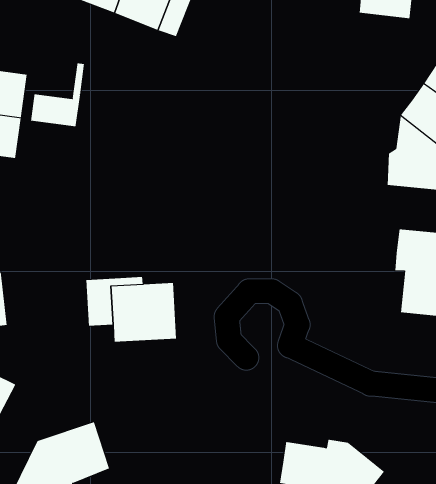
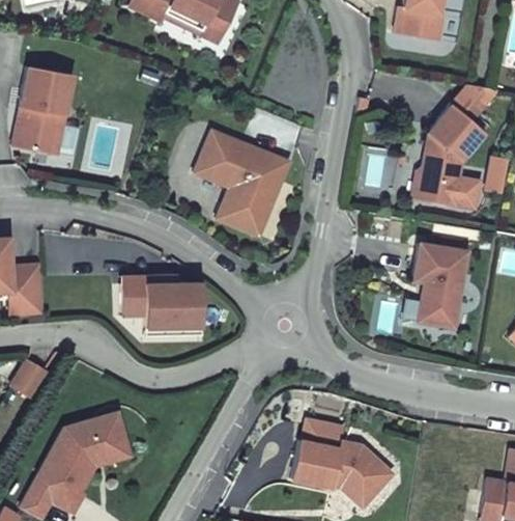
building: [31,63,85,127] -> none
building: none -> [193,129,289,237]
building: none -> [301,416,344,447]

